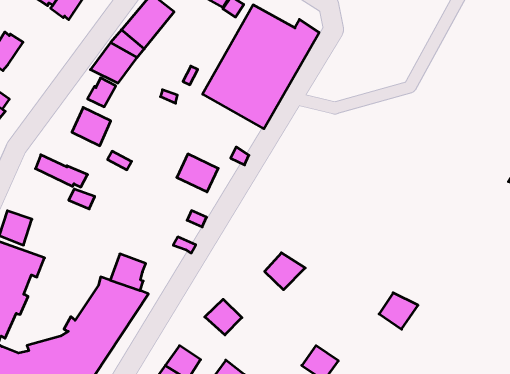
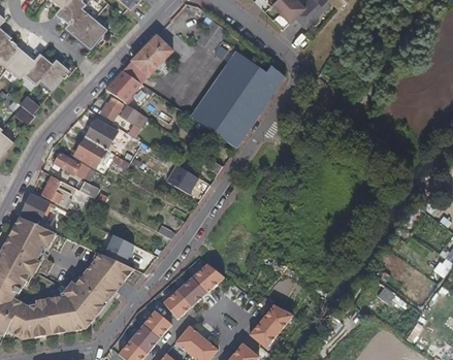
building: none -> [40,60,68,92]
building: none -> [120,103,147,136]
building: none -> [73,137,106,168]
building: none -> [41,175,76,208]
building: [265,253,305,290] -> [192,264,224,293]
building: [379,293,418,329] -> [261,304,292,333]
building: none -> [163,290,191,318]

